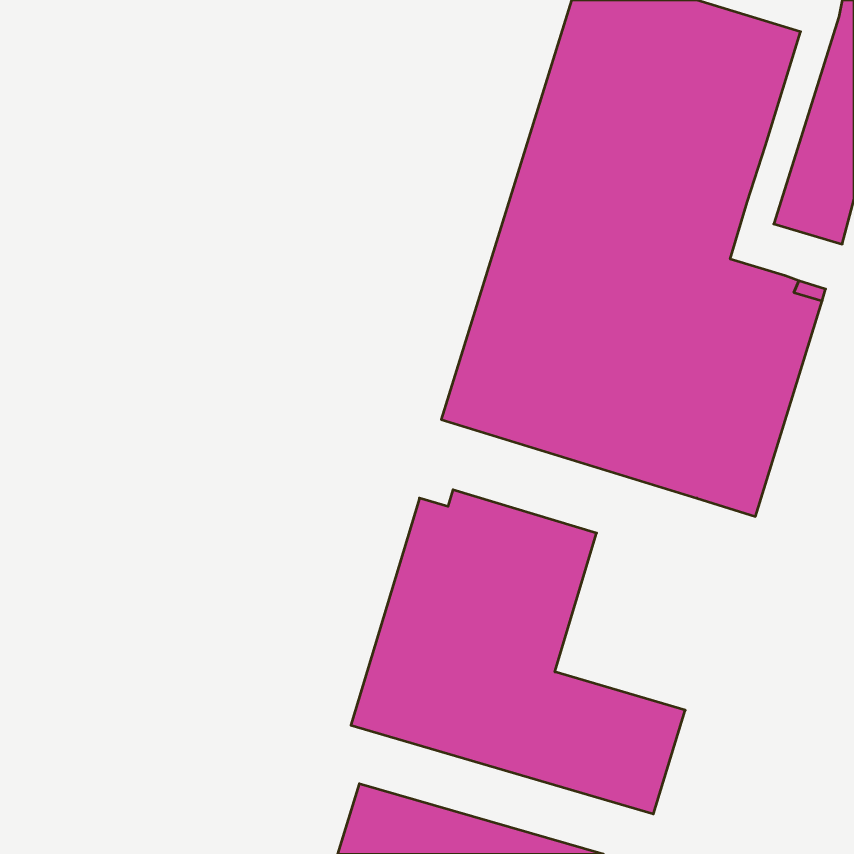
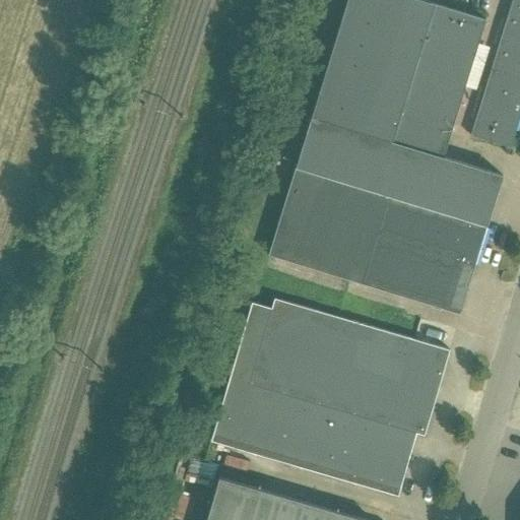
building: none -> [337,324,449,434]

